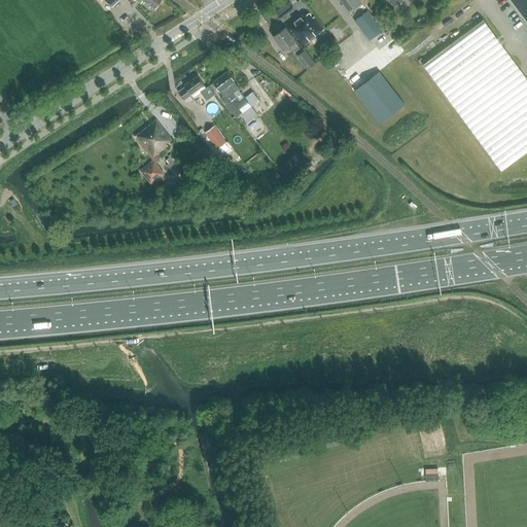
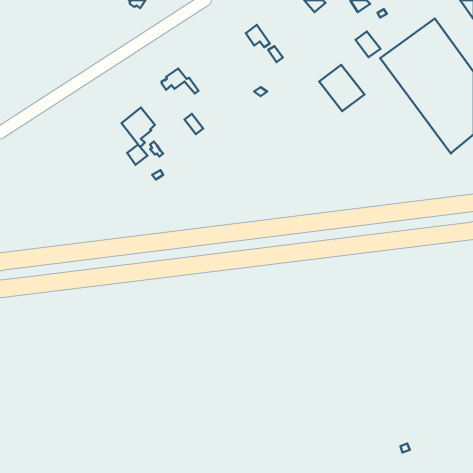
building: [356,11,384,40] -> [356,31,381,57]
building: [288,13,325,46] -> none
building: [215,72,259,122] -> none

